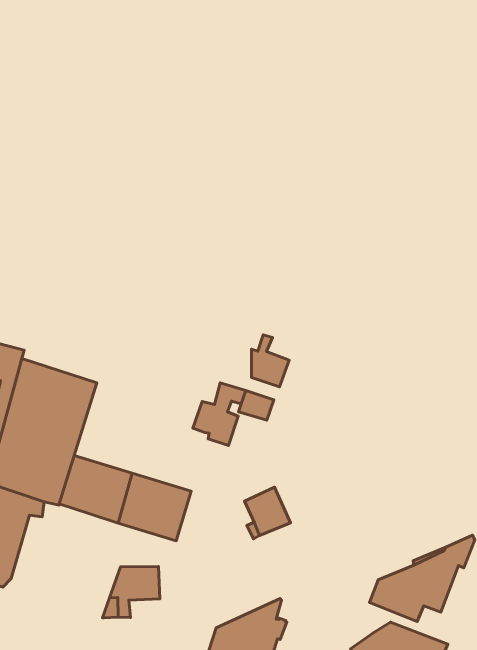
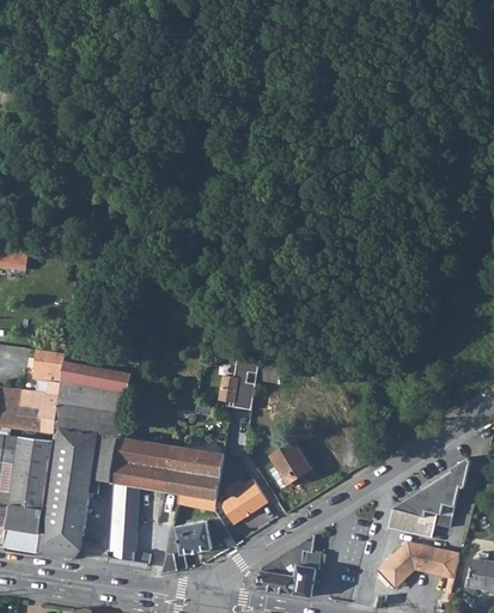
building: [251,335,289,387] -> none
building: none -> [108,480,150,570]
building: none -> [222,480,267,526]
building: none -> [176,492,216,511]

